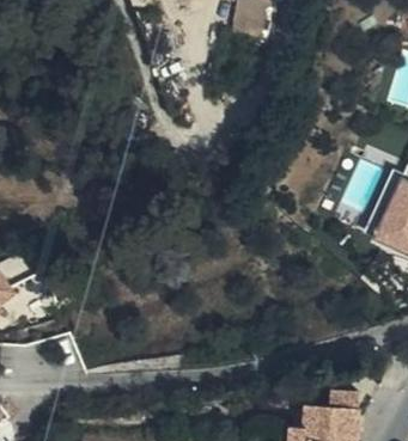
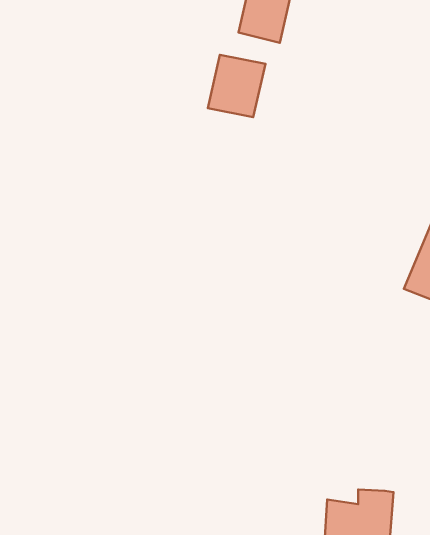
building: none -> [208,55,265,117]

